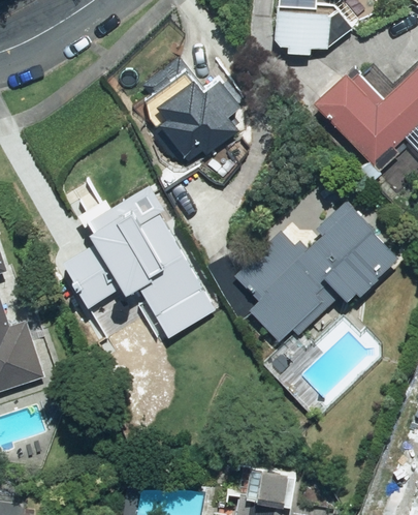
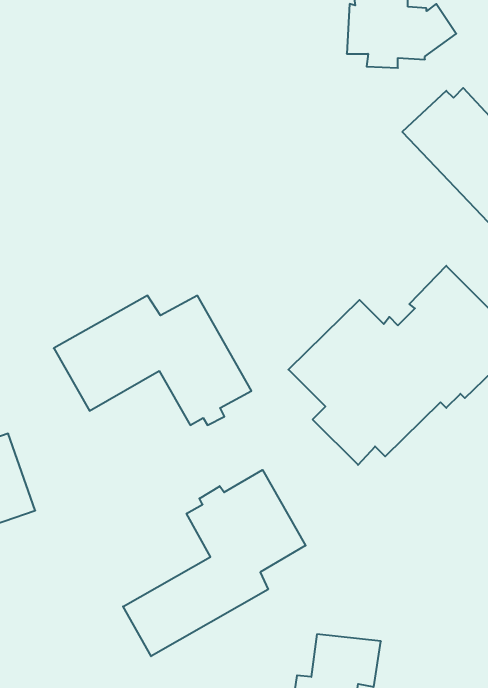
building: [135,56,242,168] -> none
building: none -> [123,470,306,656]

